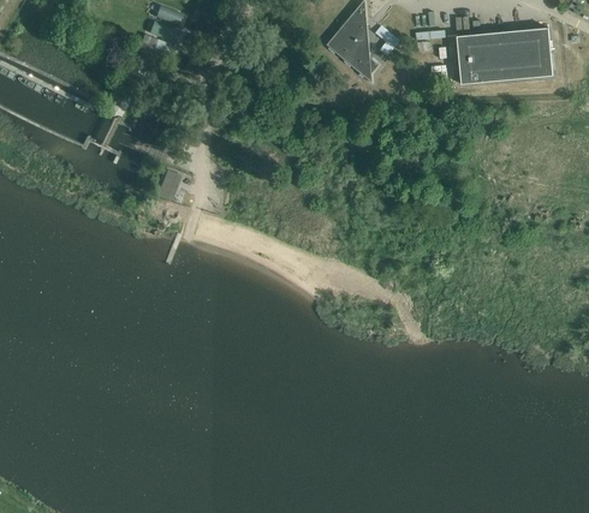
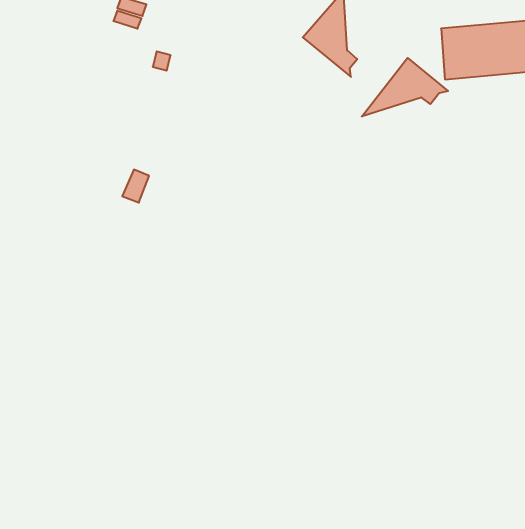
building: none -> [362,58,448,116]

